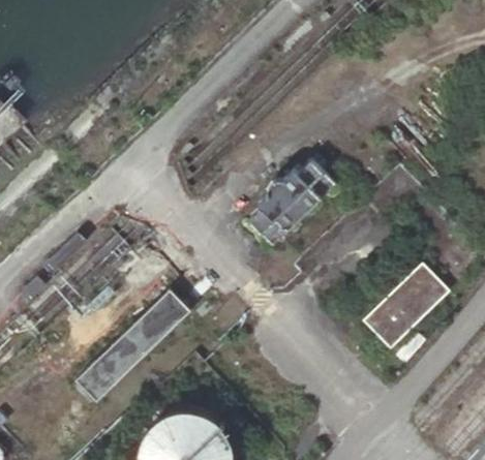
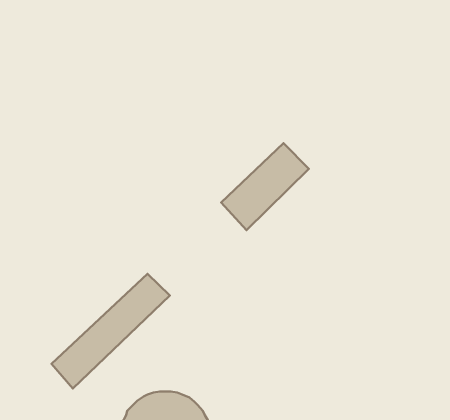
building: [364,263,447,342] -> none

